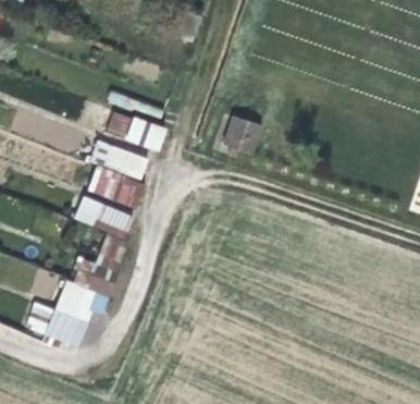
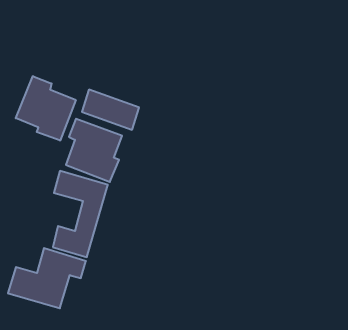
building: none -> [16,76,76,141]
building: [225,115,261,156] -> none

